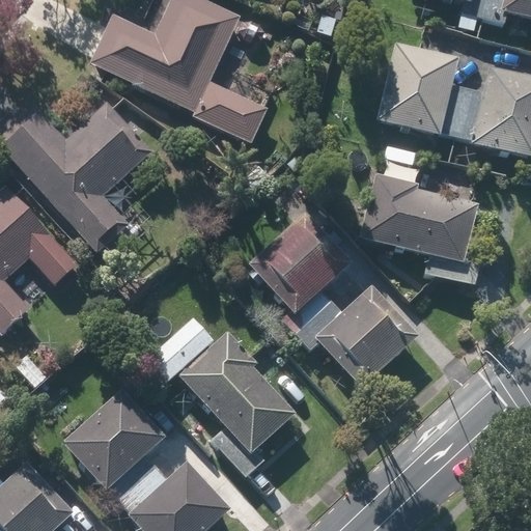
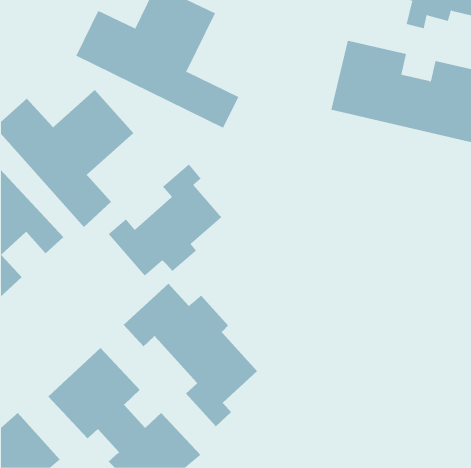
building: [356,176,479,286] -> none
building: none -> [108,164,222,277]
building: [244,209,418,390] -> none

